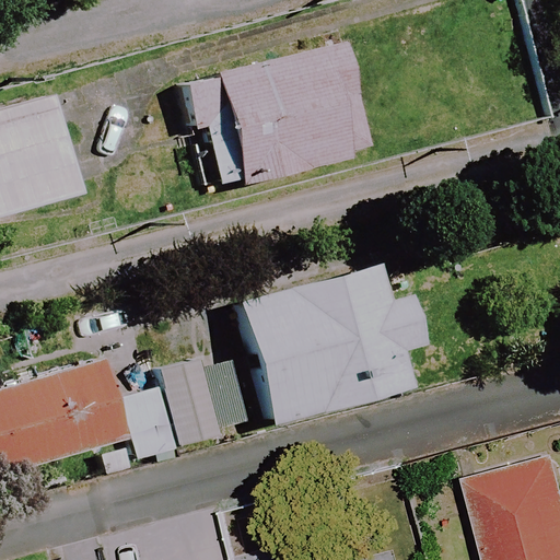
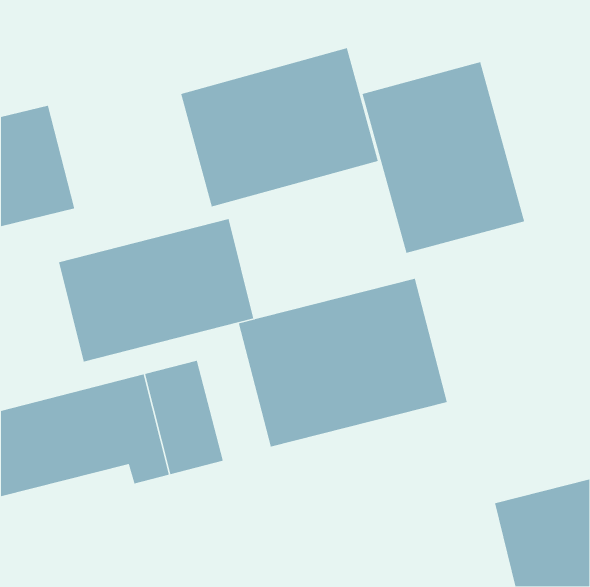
building: none -> [361,61,525,254]
building: none -> [58,218,254,362]

